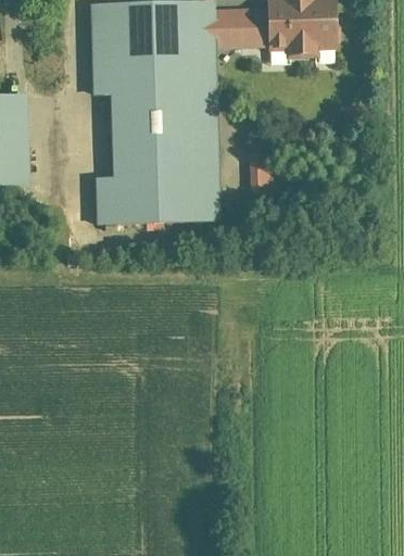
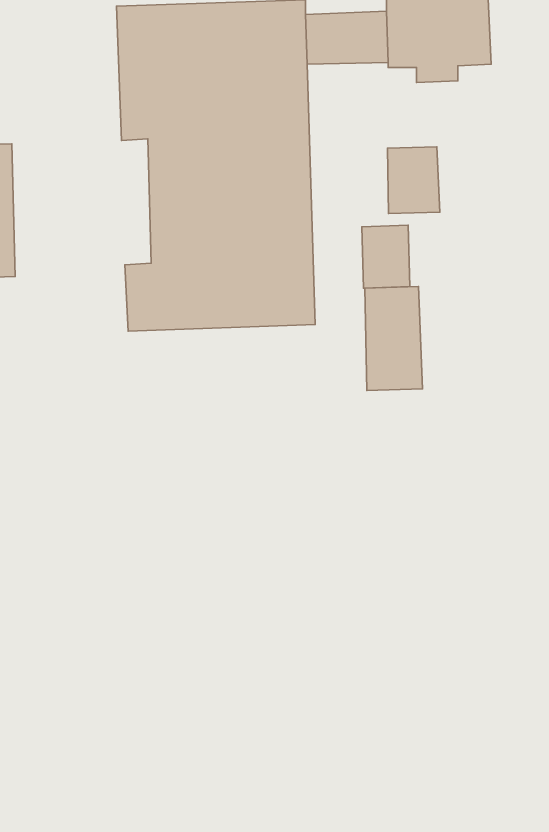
building: none -> [387,147,440,214]
building: none -> [365,287,422,391]

